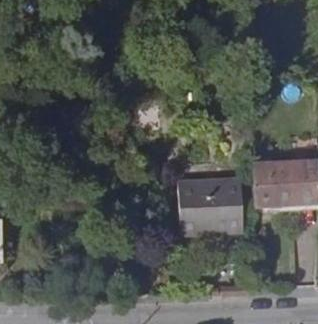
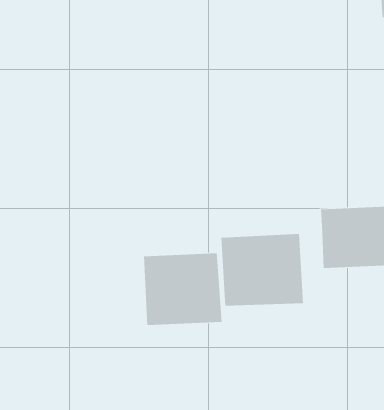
building: none -> [143,252,222,326]

